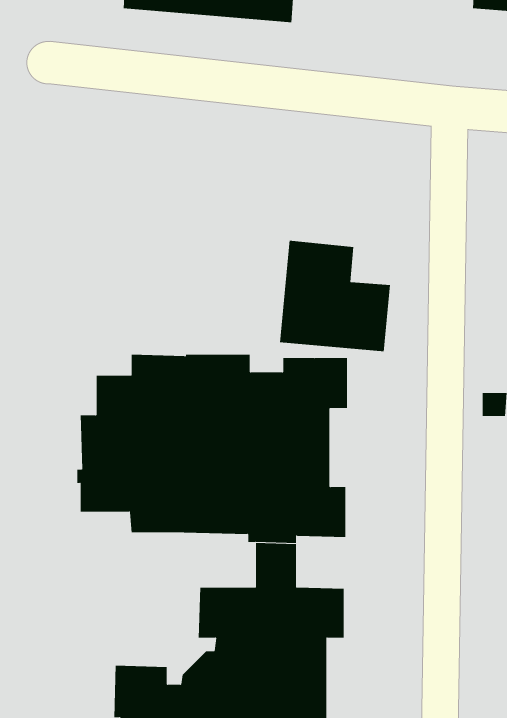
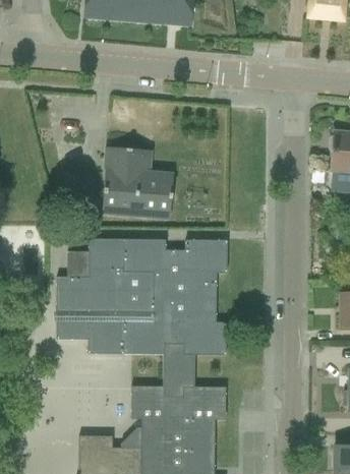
building: [279,240,391,352] -> [103,146,174,218]

